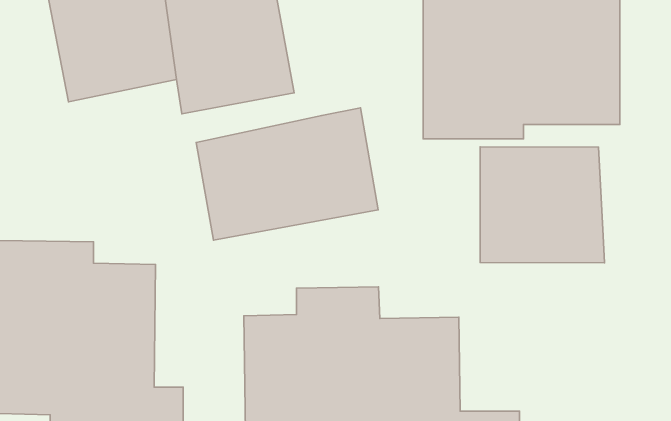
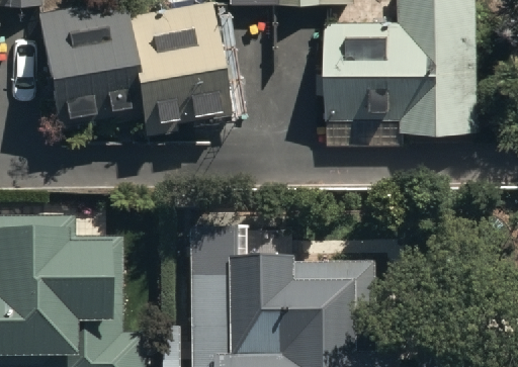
building: [196,108,378,240] -> none
building: [480,147,604,263] -> none

